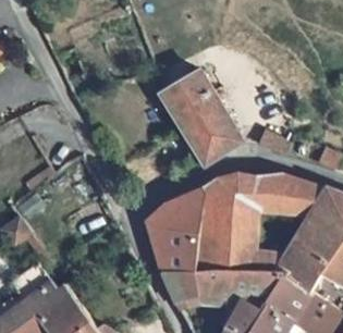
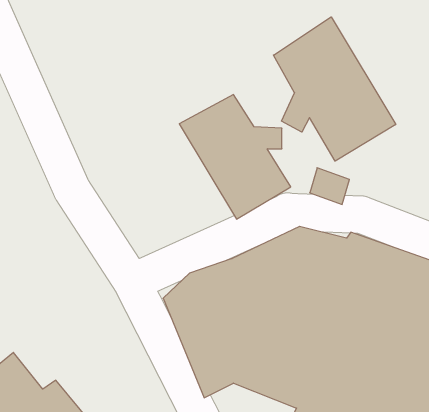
building: none -> [273,17,396,161]

